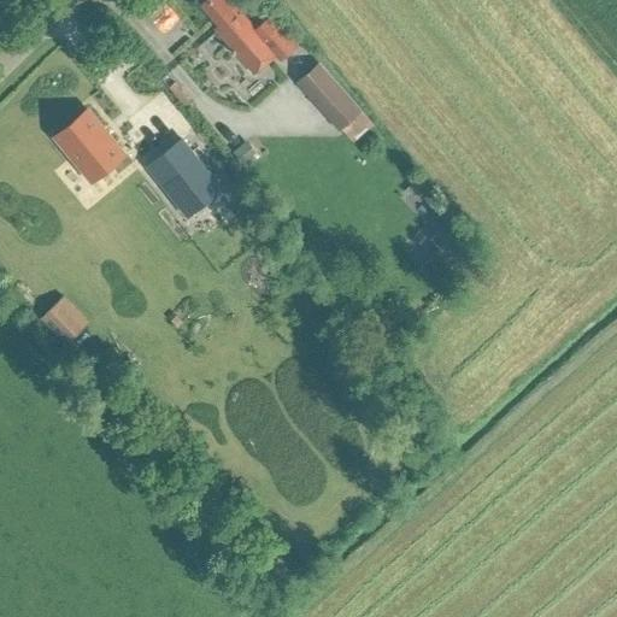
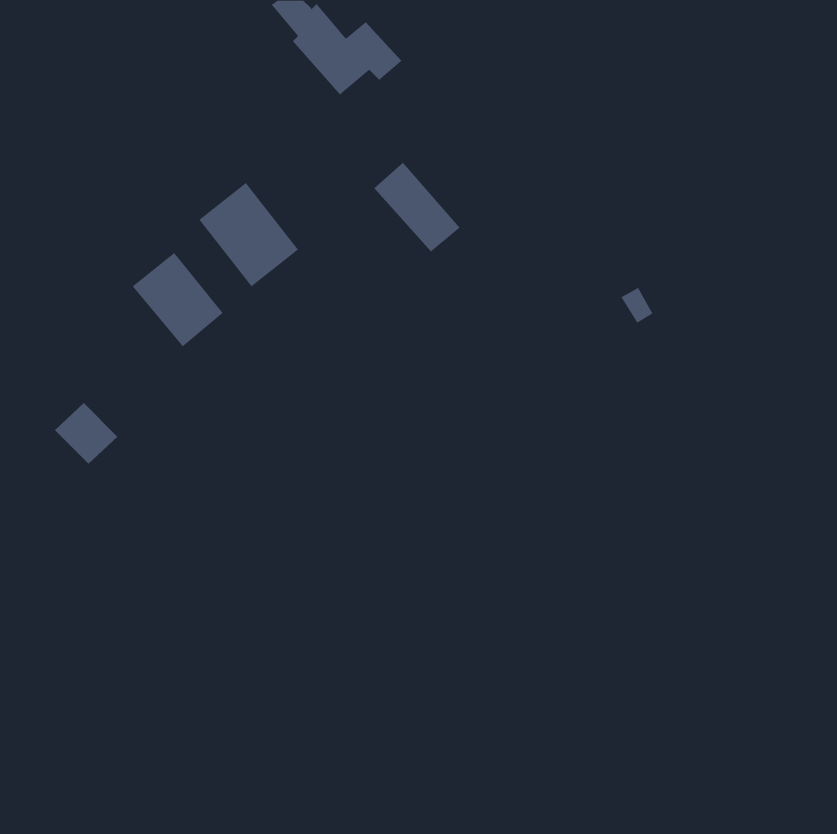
building: [298,64,362,130] -> [373,162,460,252]
building: [57,113,124,183] -> [132,252,224,347]

